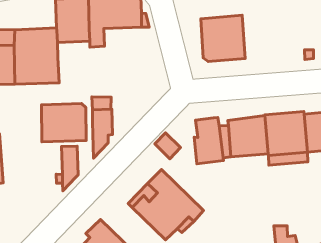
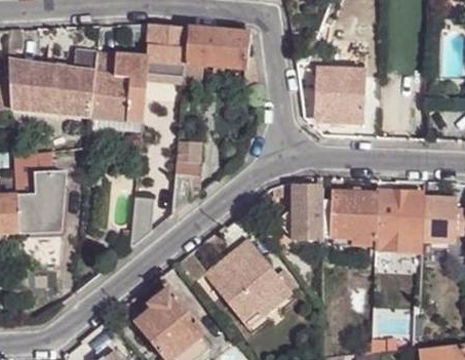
building: [41,103,86,142] -> none

